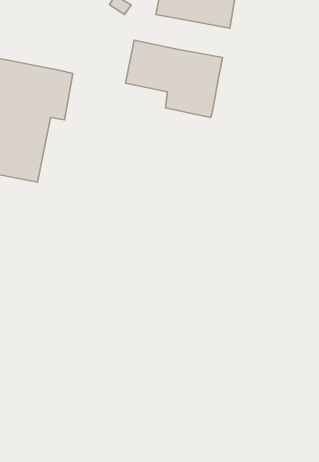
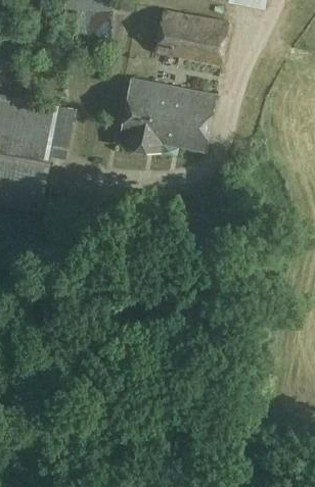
building: none -> [121,117,164,149]

